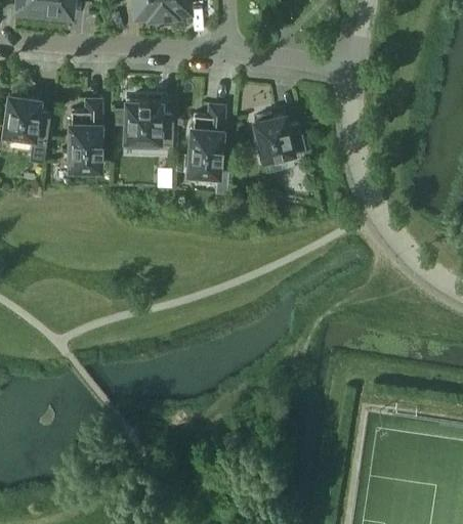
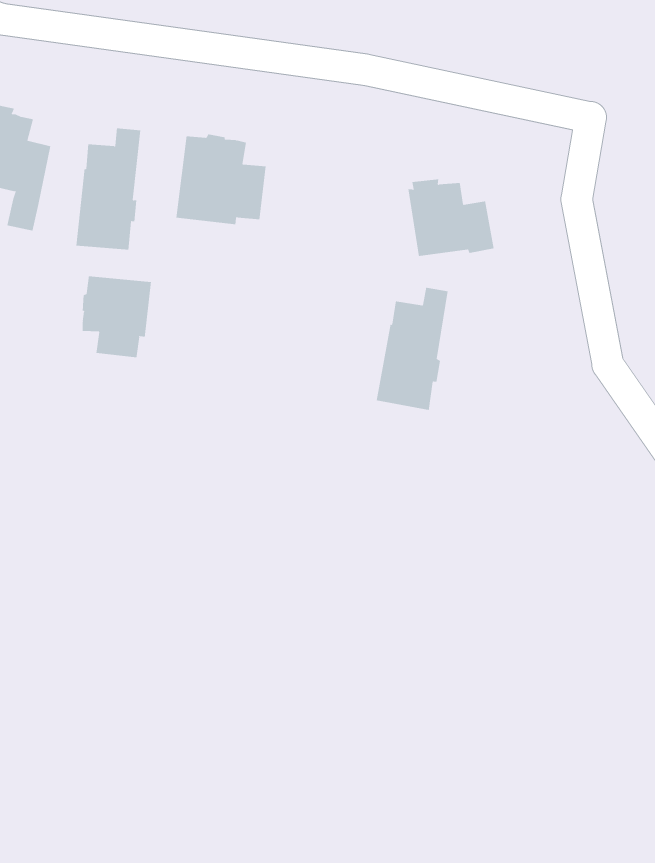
building: [187,106,223,176] -> [376,287,449,411]
building: none -> [82,275,151,358]

